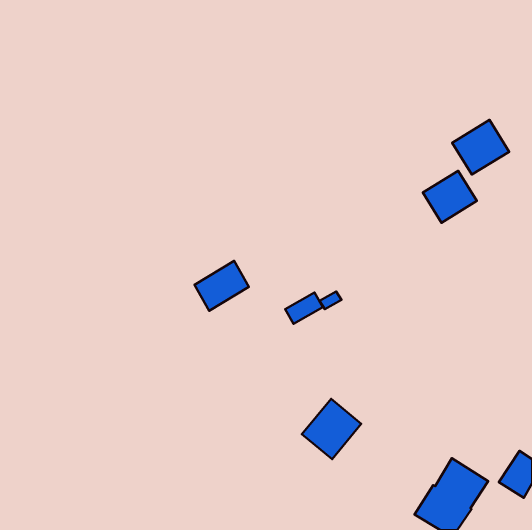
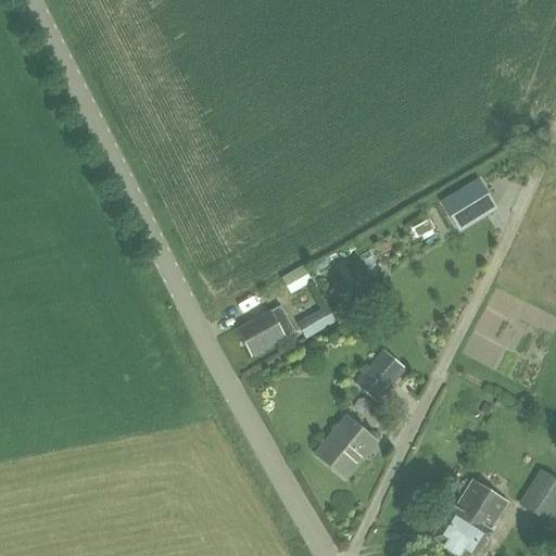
building: [452,120,509,175] -> none
building: [195,261,249,311] -> [239,302,295,354]
building: none -> [354,348,406,402]

